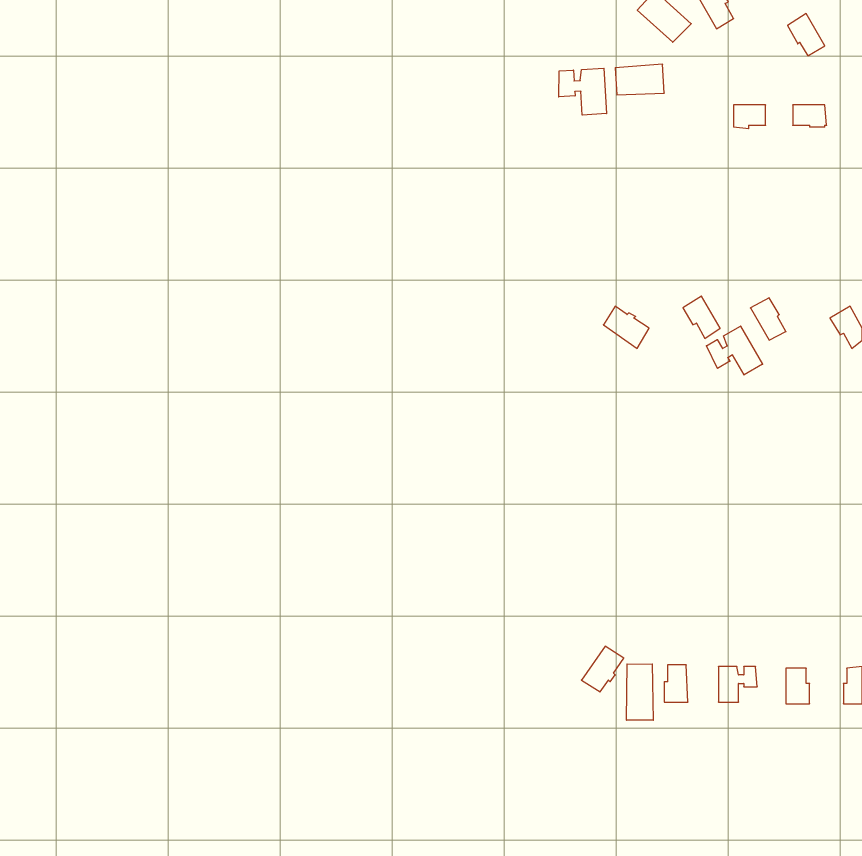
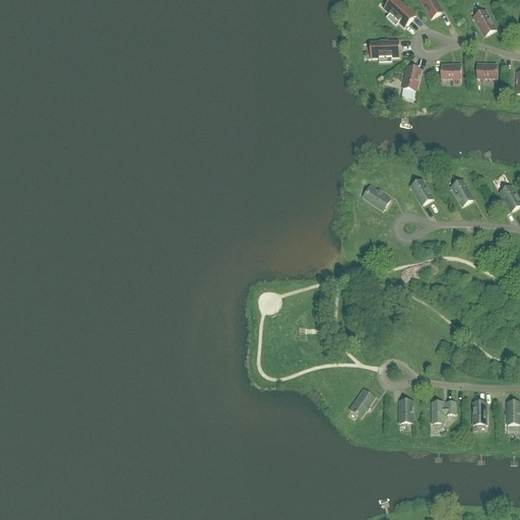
building: [559,68,607,115] -> none
building: none -> [395,65,420,89]
building: [706,326,763,375] -> none
building: [627,664,653,720] -> none

